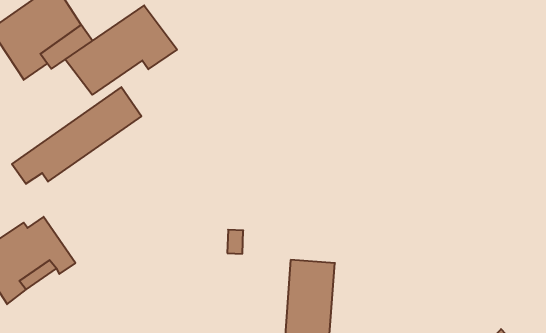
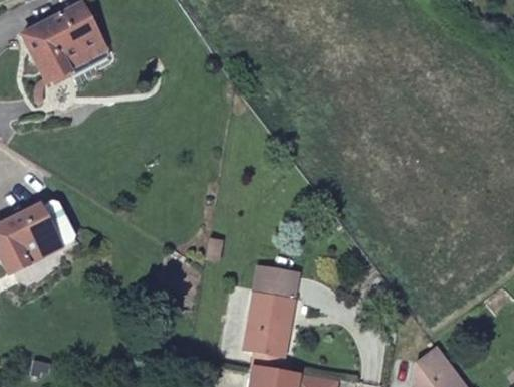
building: [65,5,177,95] -> none
building: [12,87,141,184] -> none

